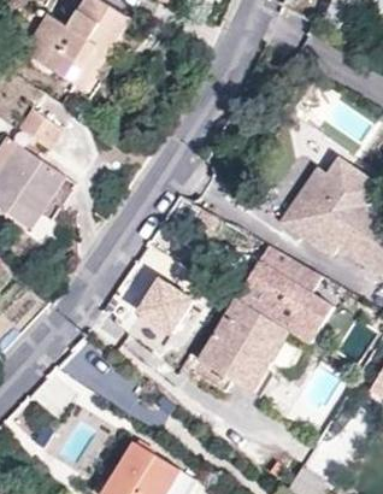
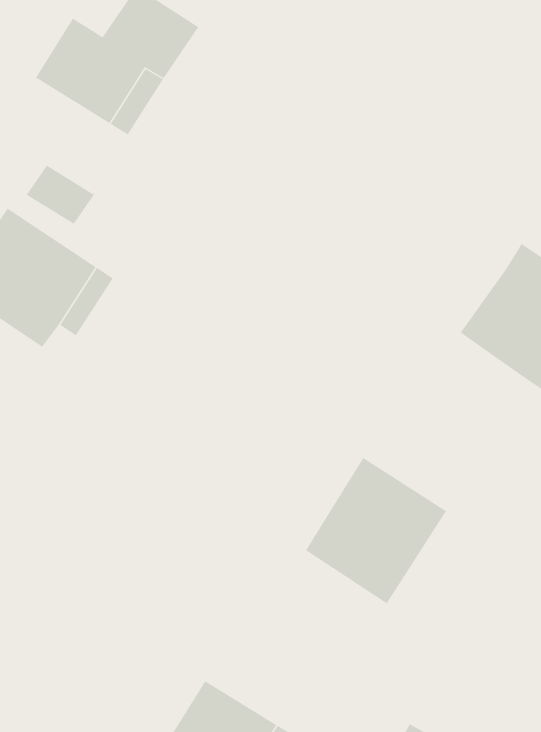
building: [279,166,340,257] -> none
building: [236,248,331,345] -> none
building: [130,276,188,333] -> none

